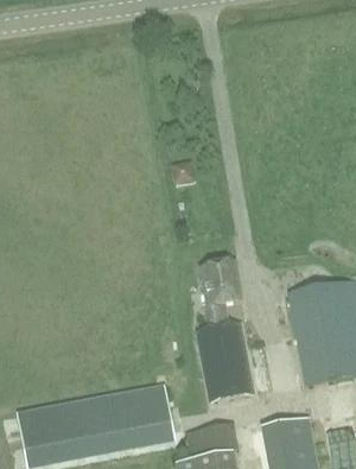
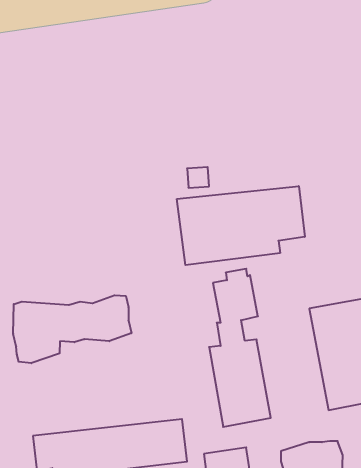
building: none -> [177,186,305,265]
building: none -> [13,295,131,363]

